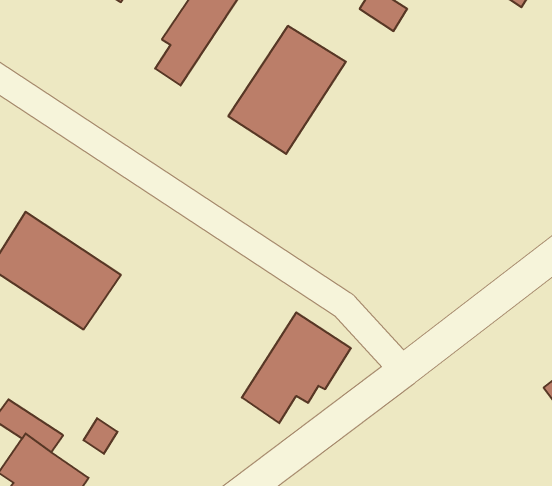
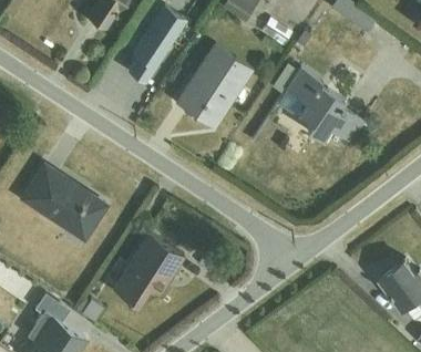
building: none -> [271,64,366,144]
building: [242,312,351,423] -> [113,234,184,306]

